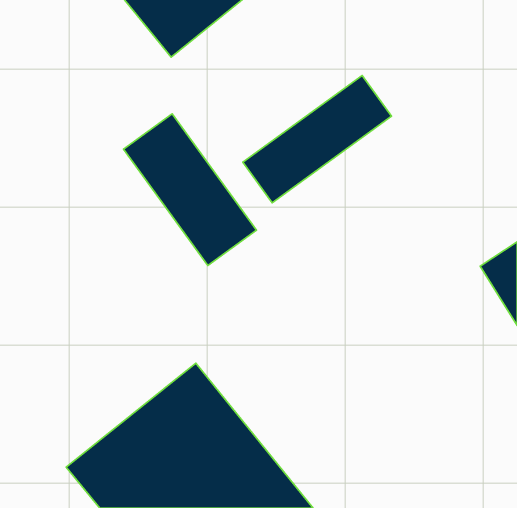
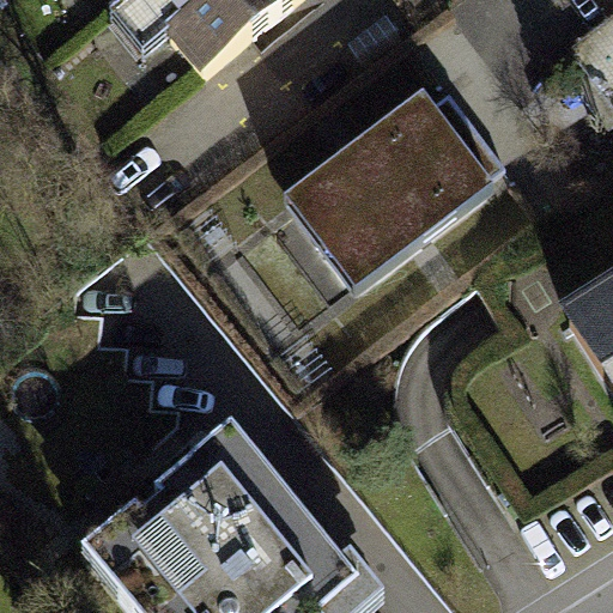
building: [123,114,256,266] -> none
building: none -> [320,136,494,285]

